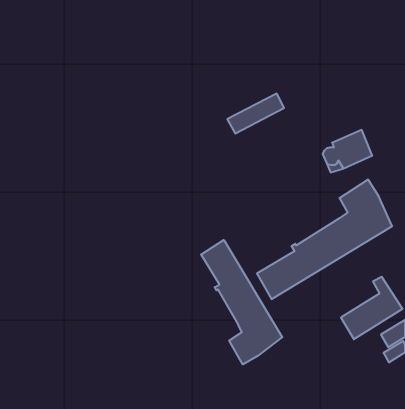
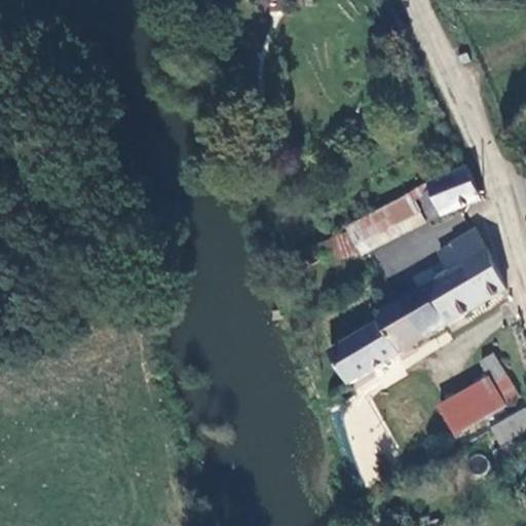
building: [227,94,284,134] -> [344,192,417,243]
building: [201,240,282,364] -> none

